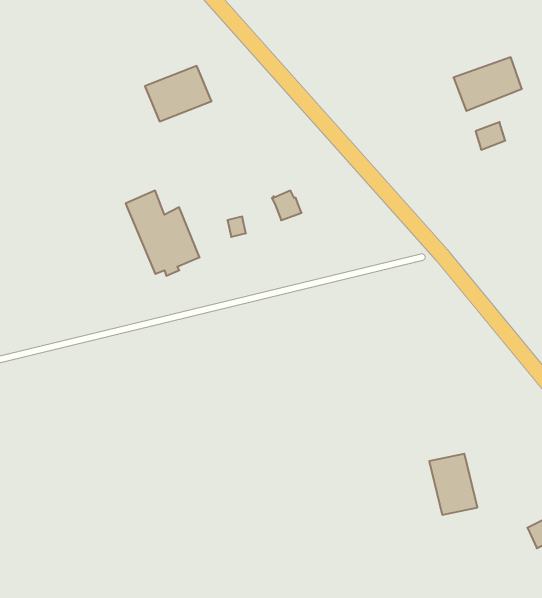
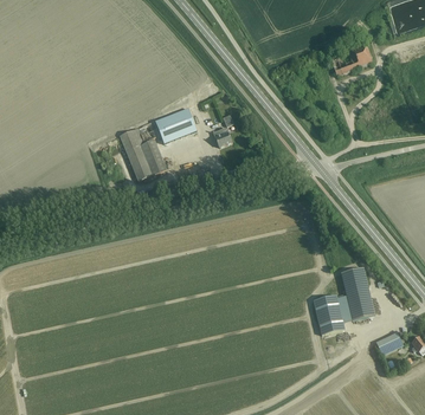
building: [145,66,212,121] -> [154,108,197,143]
building: none -> [340,267,374,319]

